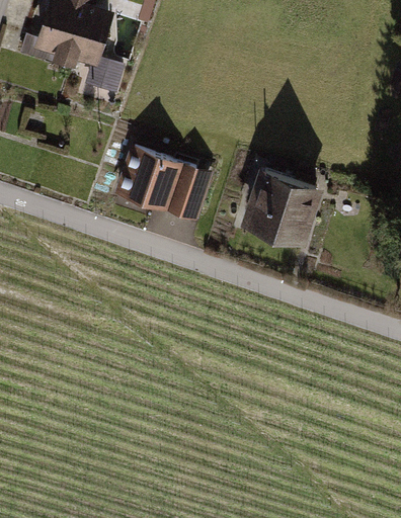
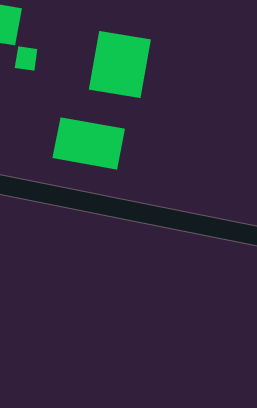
building: none -> [88,30,151,99]
building: [251,172,317,237] -> none

